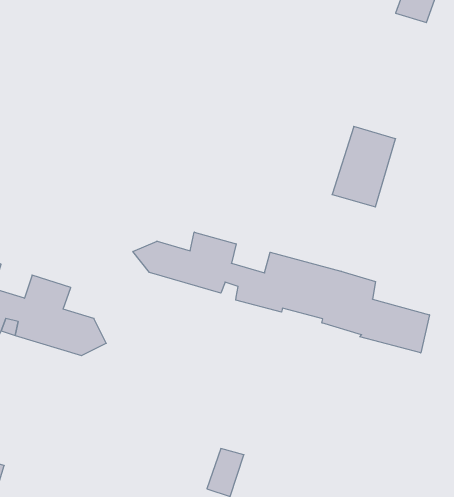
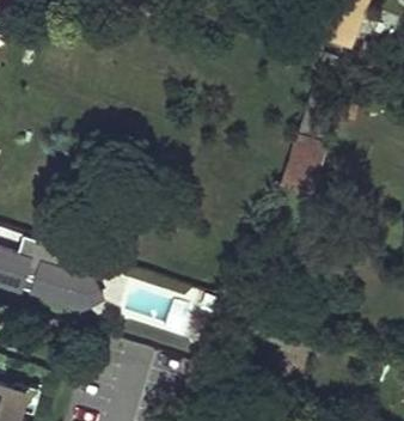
building: [133,232,429,353] -> none

